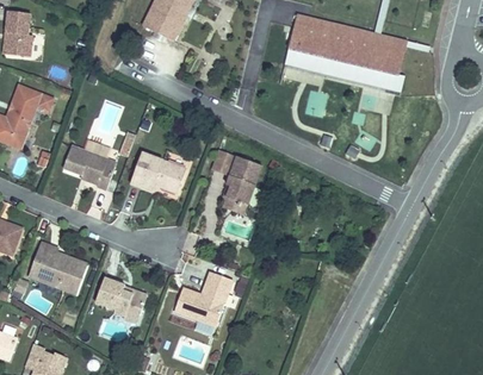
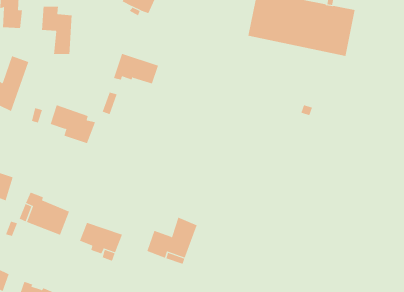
building: none -> [42,6,72,55]
building: [130,154,182,189] -> [113,53,159,84]
building: [222,157,261,214] -> none

